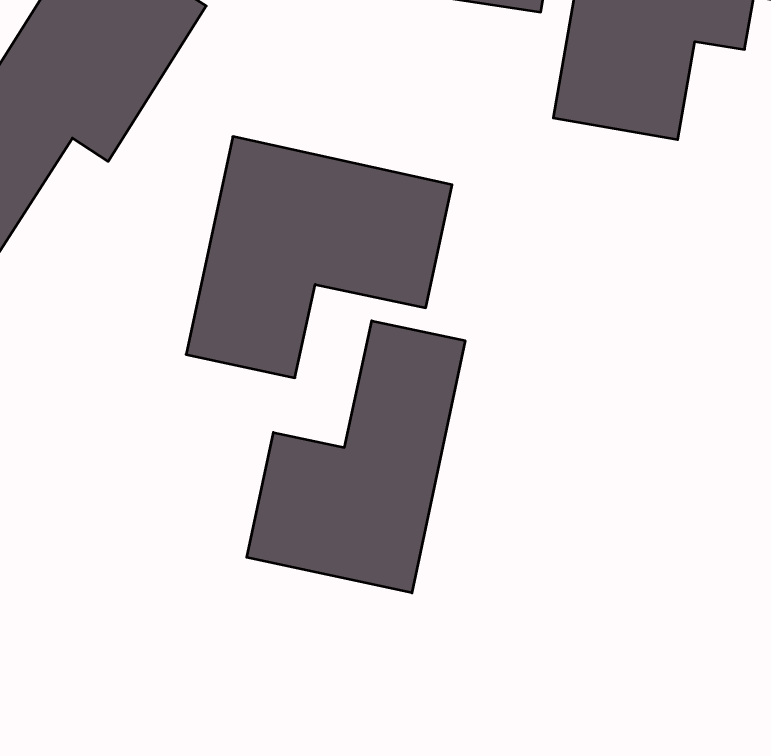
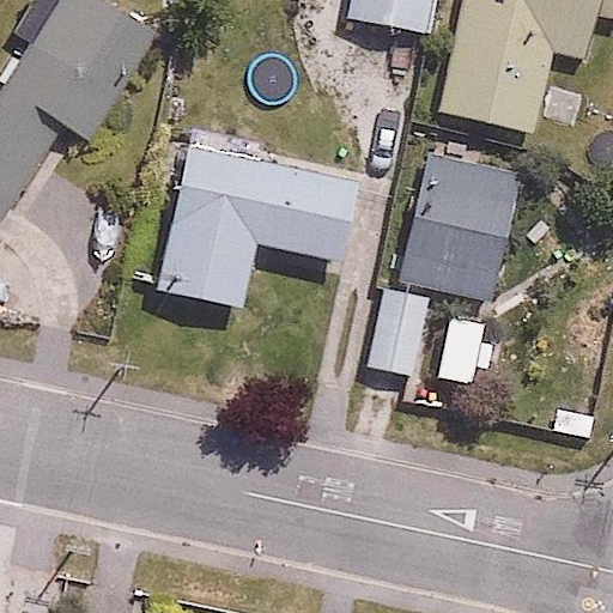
building: none -> [360,146,520,375]
building: [247,321,465,593] -> none

